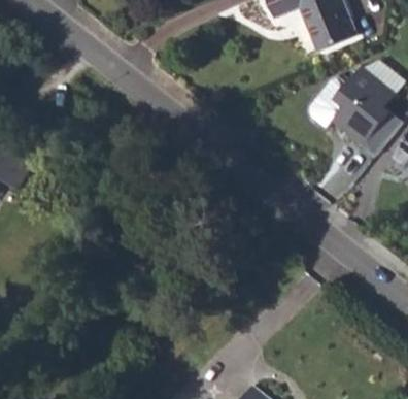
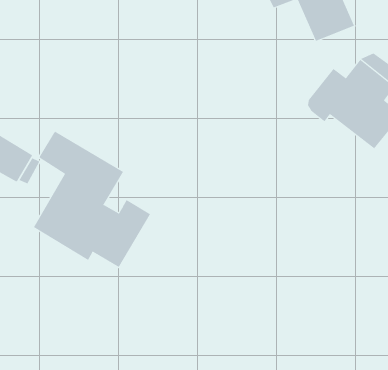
building: none -> [33,131,151,268]

